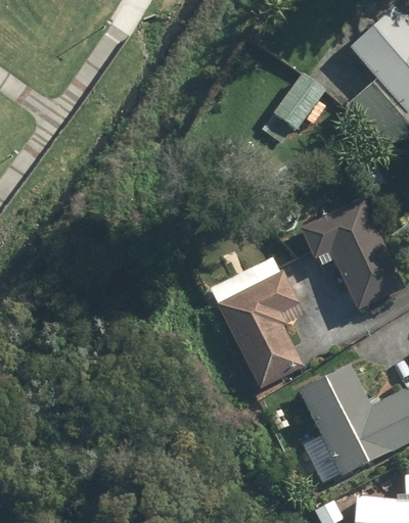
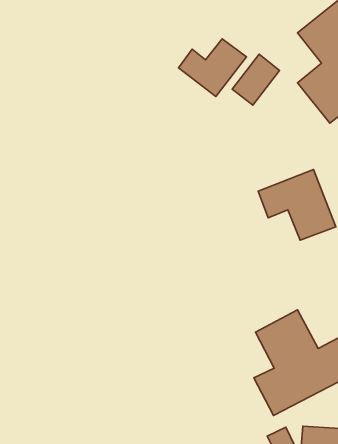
building: none -> [178,39,246,97]
building: [206,254,307,391] -> none

